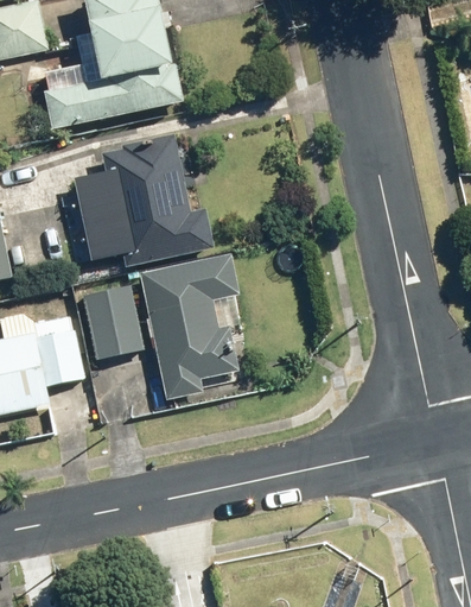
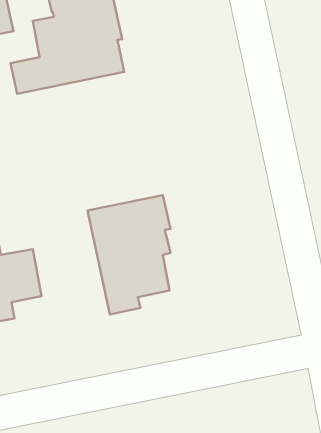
building: [76,132,216,265] -> none
building: [83,284,145,359] -> none

